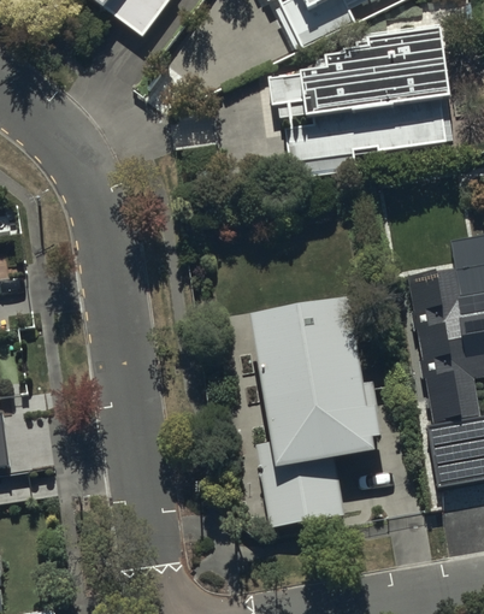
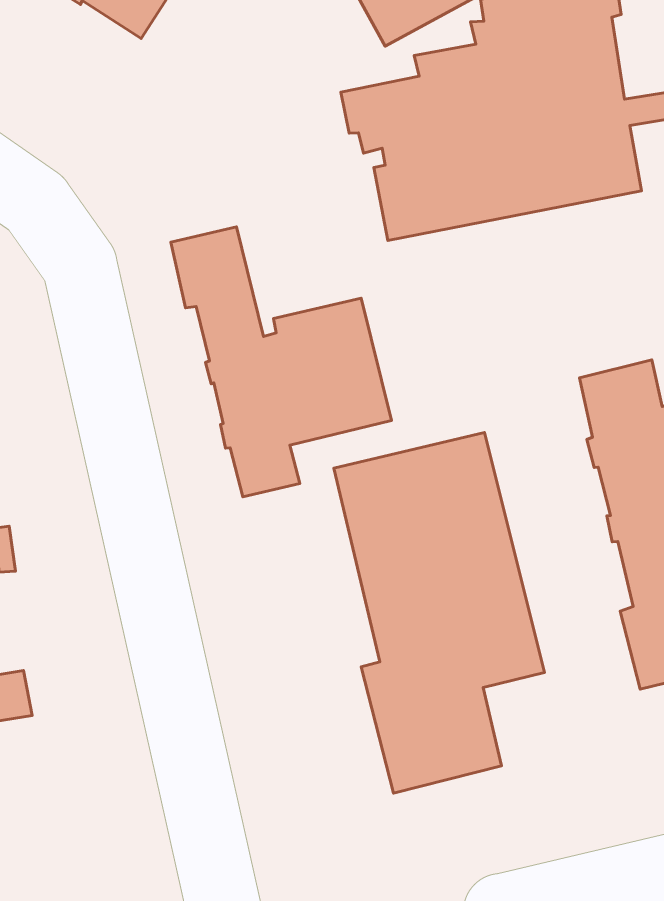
building: none -> [171,227,392,497]

